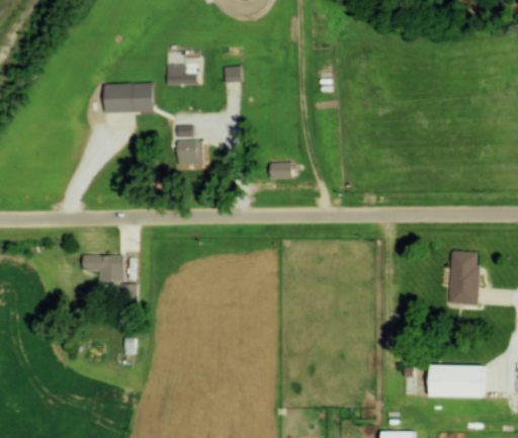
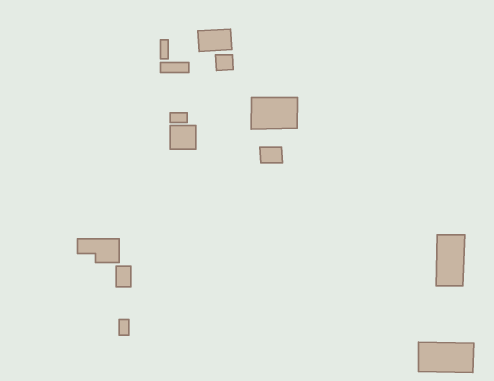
building: none -> [198,29,232,51]
building: [104,81,154,111] -> none
building: none -> [251,98,298,129]

